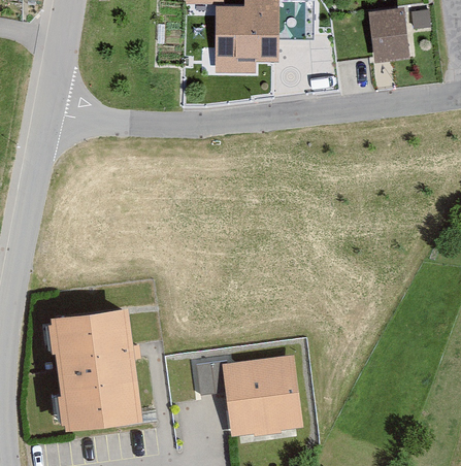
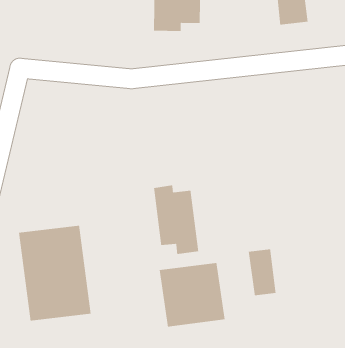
building: none -> [153,184,199,255]
building: none -> [248,248,276,296]

